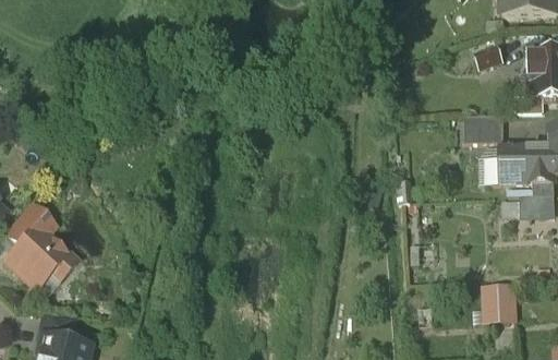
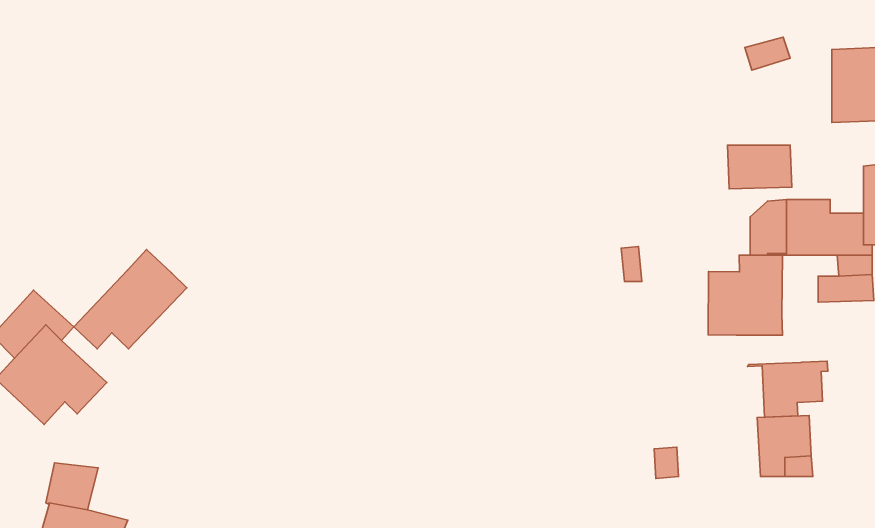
building: none -> [74,249,187,349]
building: none -> [708,255,782,335]
building: none -> [748,361,828,417]

